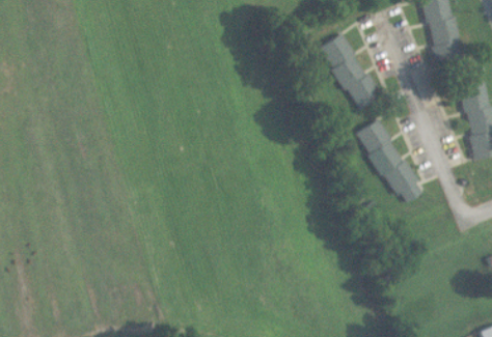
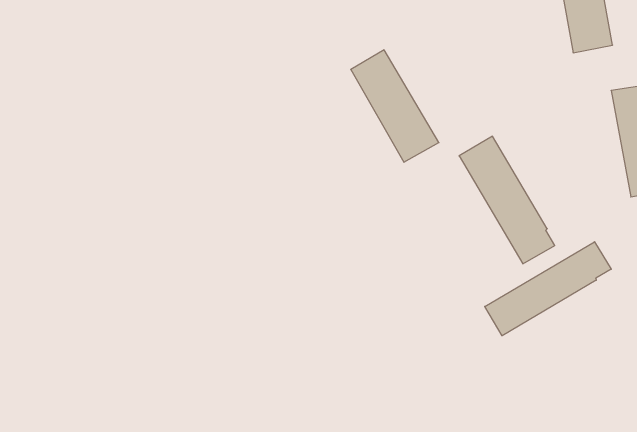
building: [320,33,380,110] -> [351,50,439,162]
building: none -> [485,242,611,336]

